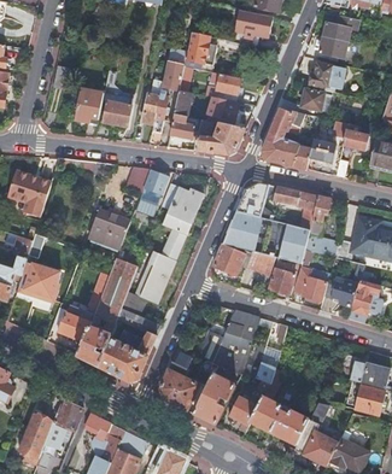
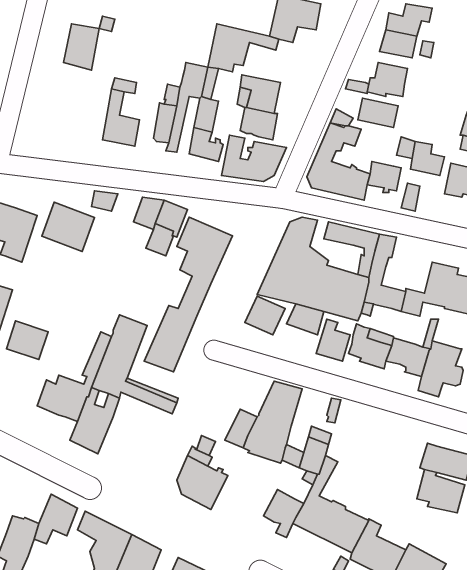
building: [75,88,103,124] -> [64,24,99,70]
building: [88,209,129,247] -> [42,202,94,252]
building: [98,332,156,382] -> none
building: [193,373,236,423] -> none

